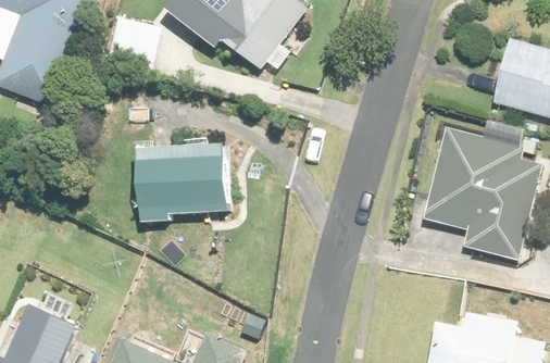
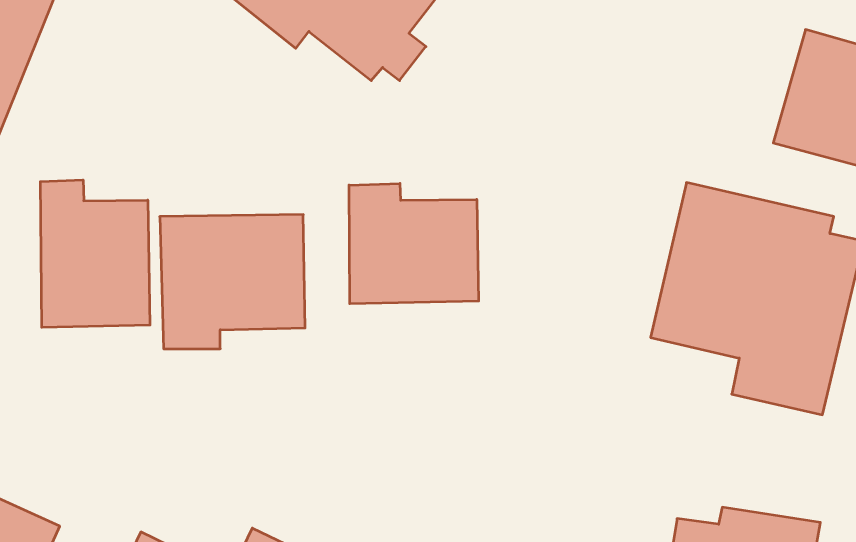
building: none -> [40,180,150,327]
building: none -> [349,183,479,304]

